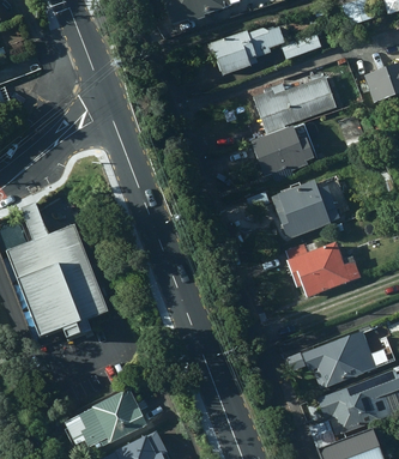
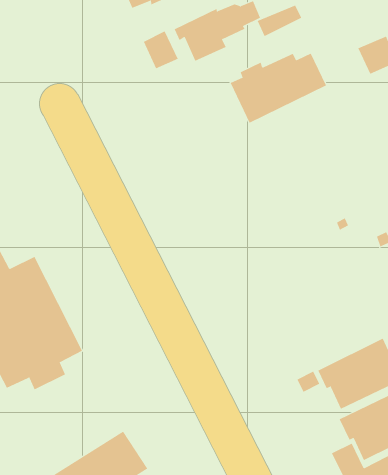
building: none -> [143,31,179,69]
building: [250,122,315,175] -> none
building: [272,179,339,237] -> none
building: [266,238,361,296] -> none

